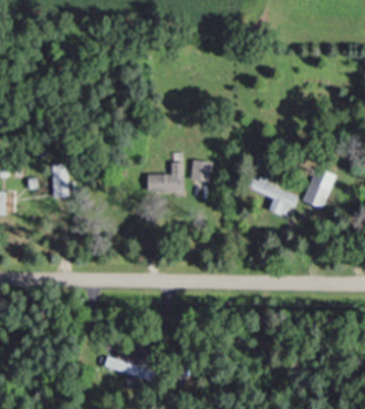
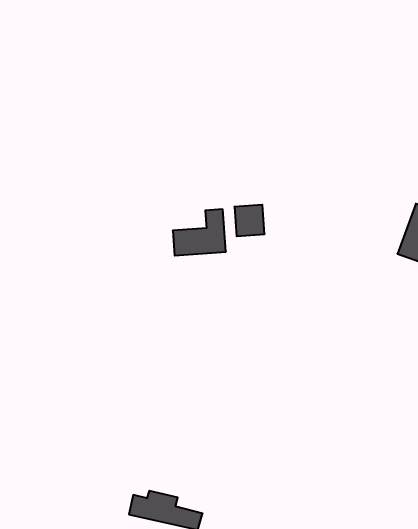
building: [51,164,67,197] -> none
building: [245,176,297,217] -> none

